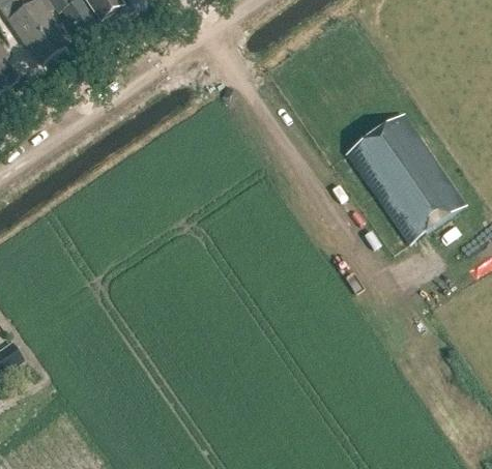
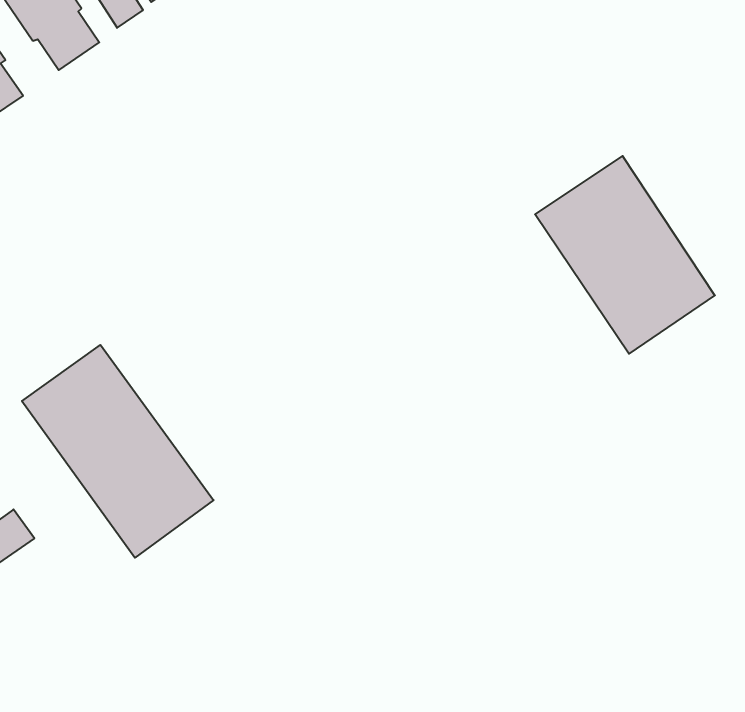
building: none -> [22,345,214,558]

